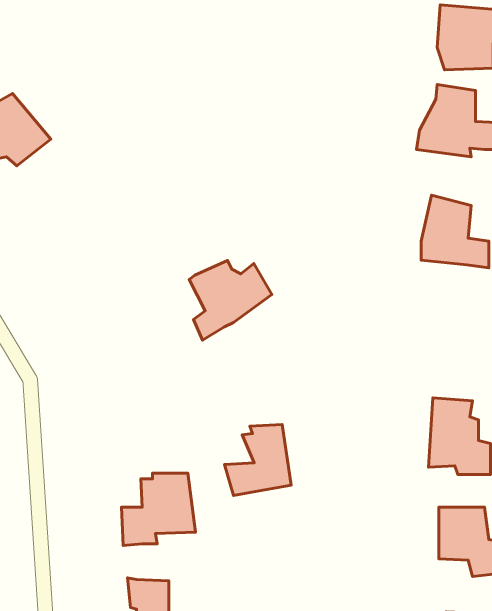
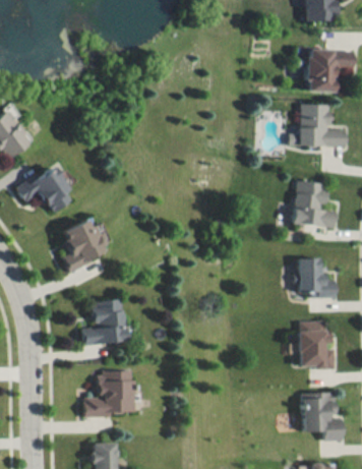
building: none -> [18,160,73,211]
building: [189,260,272,340] -> [61,219,118,274]
building: none -> [291,258,337,298]
building: [225,425,291,495] -> [80,299,126,348]

